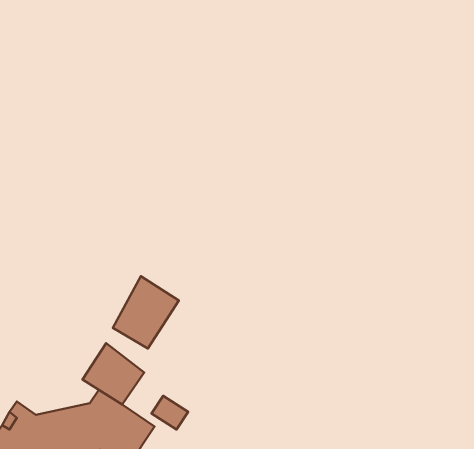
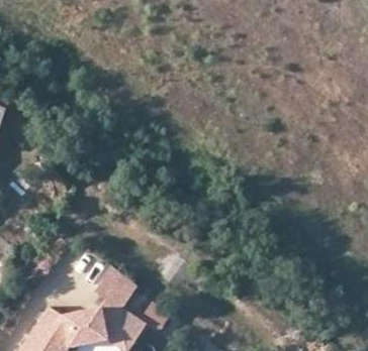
building: [113,276,179,348] -> none

